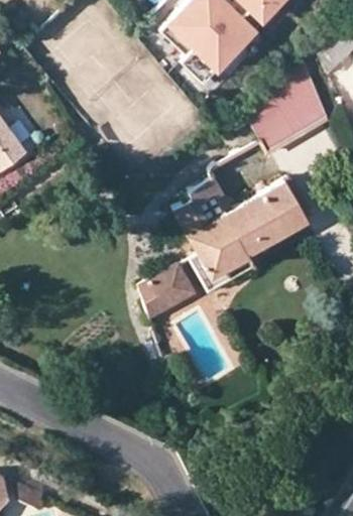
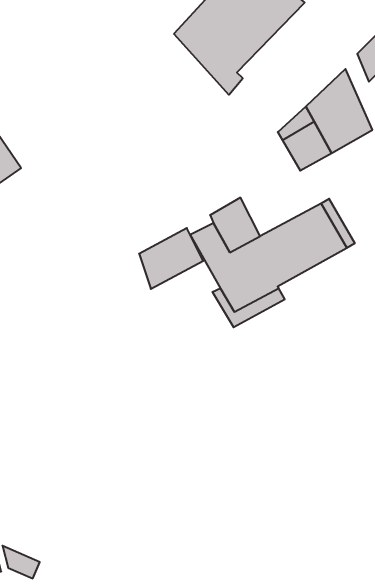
building: [141,266,197,318] -> [139,228,203,289]

